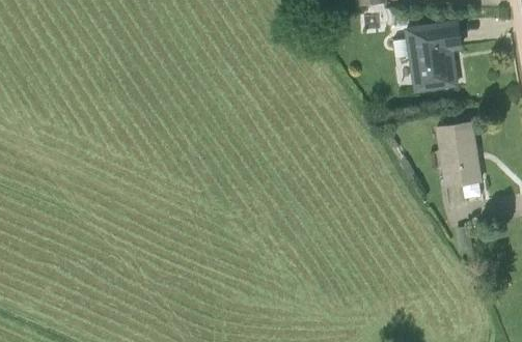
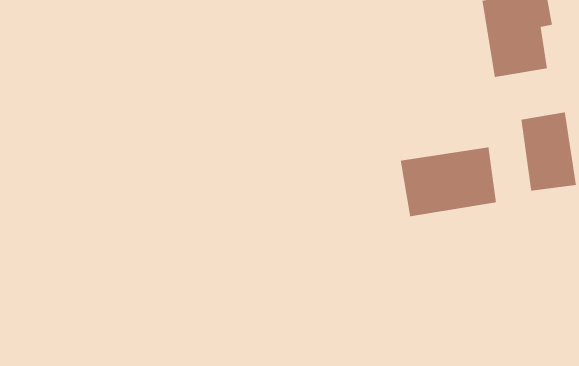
building: none -> [400,147,497,217]

